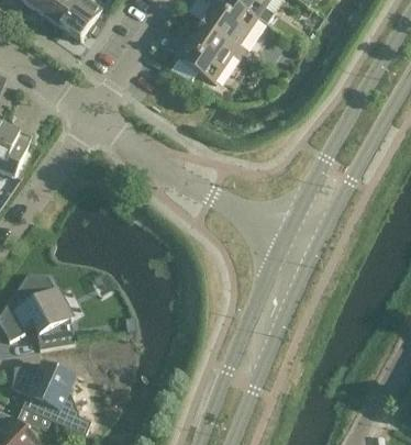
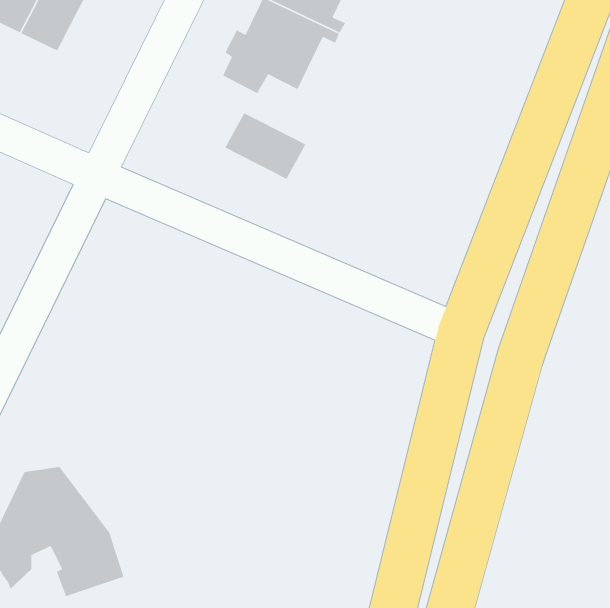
building: none -> [224,112,307,180]

